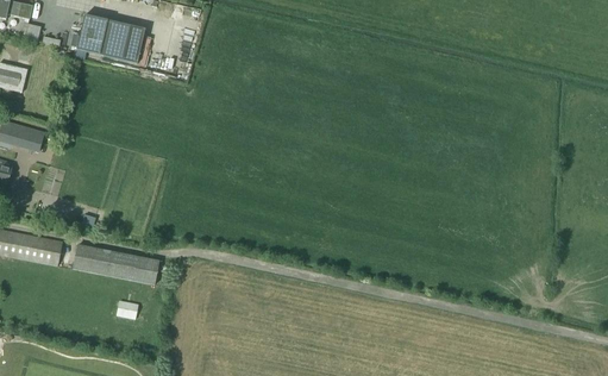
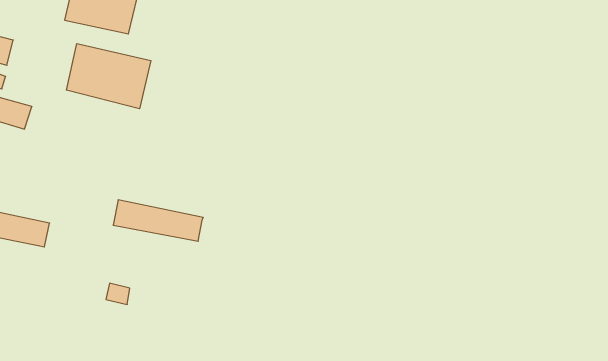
building: none -> [66,44,151,109]
building: [71,244,157,283] -> [113,200,203,241]

